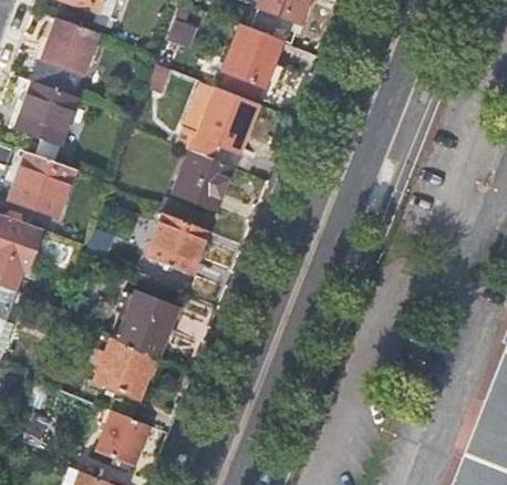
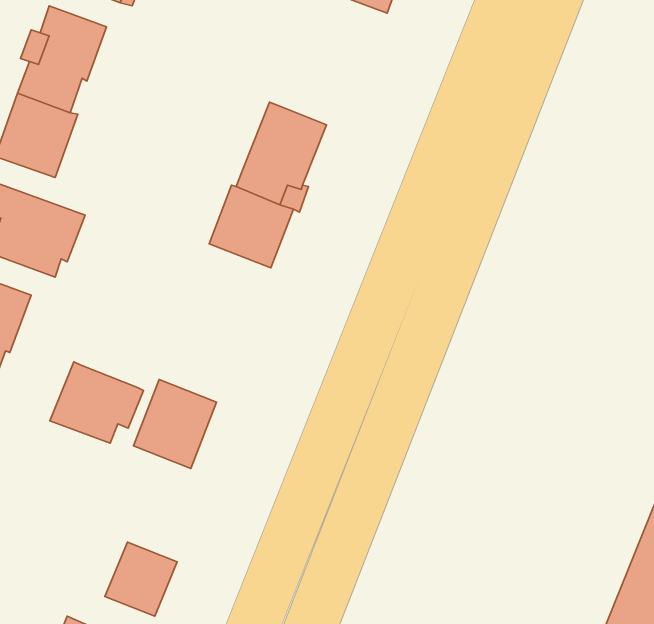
building: [219,24,281,105] -> none
building: [145,215,207,276] -> none
building: [93,339,162,399] -> [50,362,143,443]

